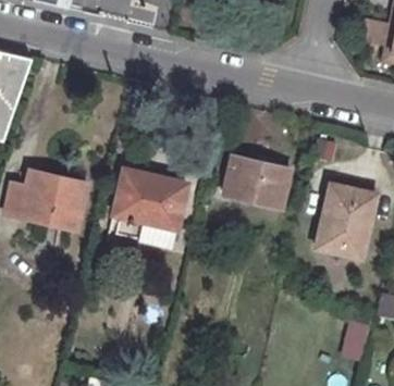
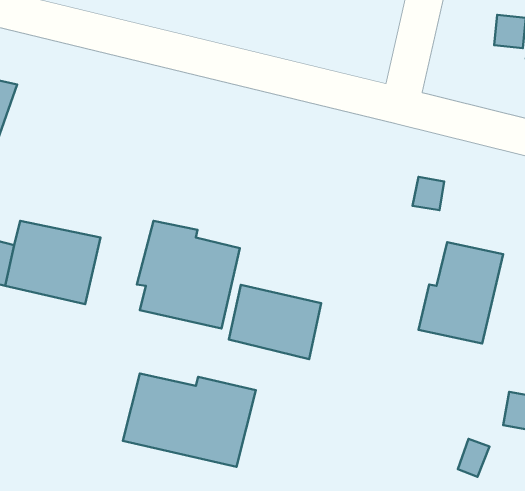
building: [223,155,290,209] -> [229,285,321,359]
building: none -> [123,373,256,467]

